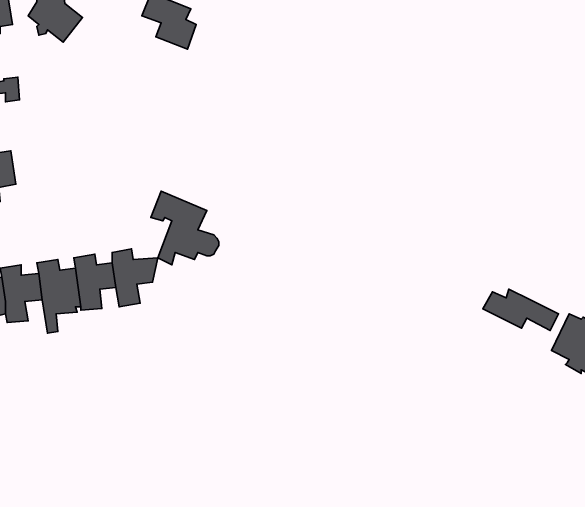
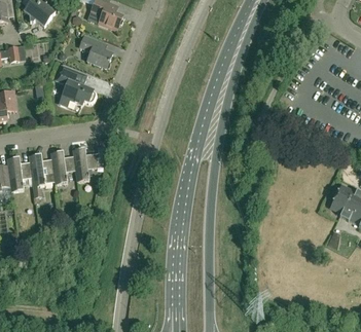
building: none -> [79,34,113,68]
building: [151,191,219,265] -> [56,64,96,107]
building: [483,289,558,330] -> none

